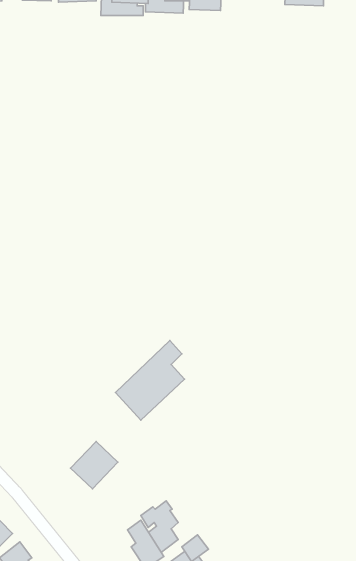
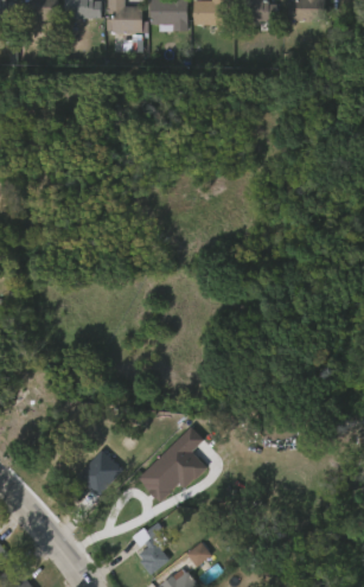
building: [115,340,184,420] -> [134,429,202,508]

